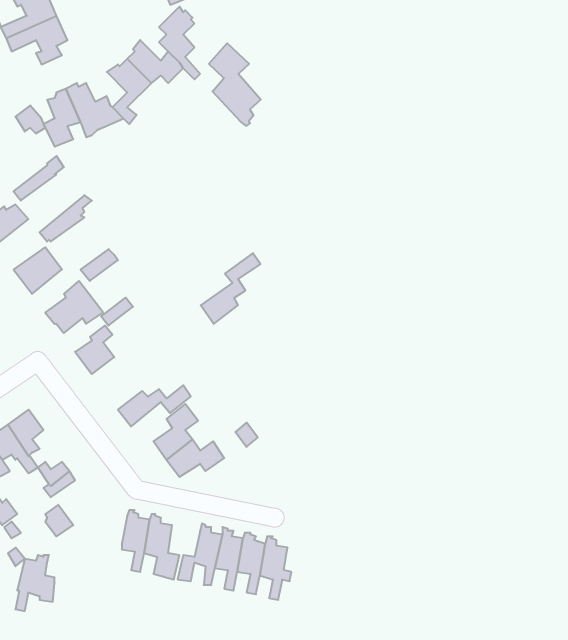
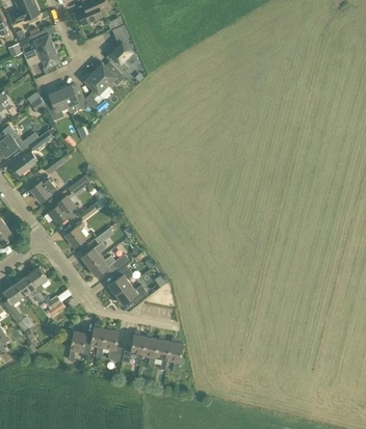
building: [209,43,261,126] -> none
building: [201,253,260,324] -> [80,227,113,267]
building: [15,555,55,611] -> [68,329,89,360]

